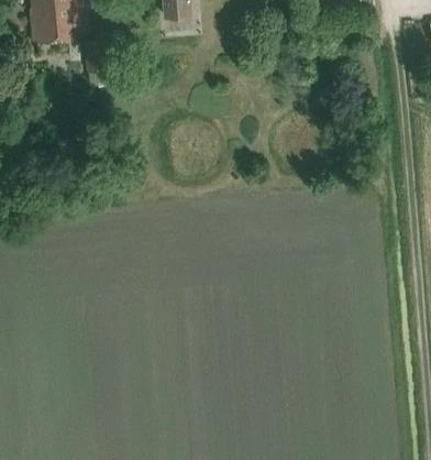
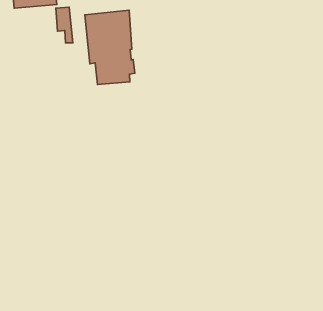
building: none -> [85,10,135,84]

